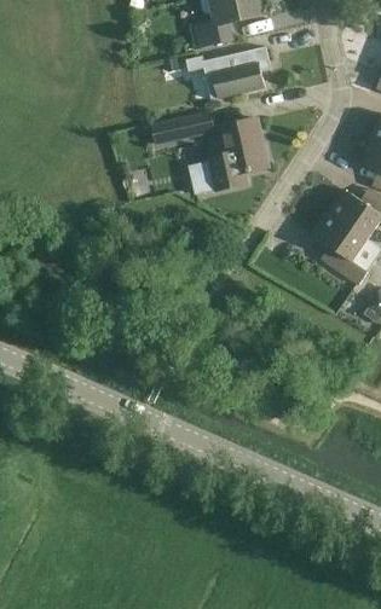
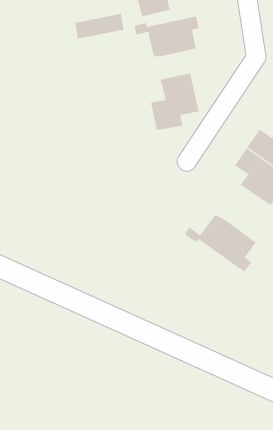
building: [151,111,214,144] -> [74,13,124,39]
building: none -> [184,214,256,273]

